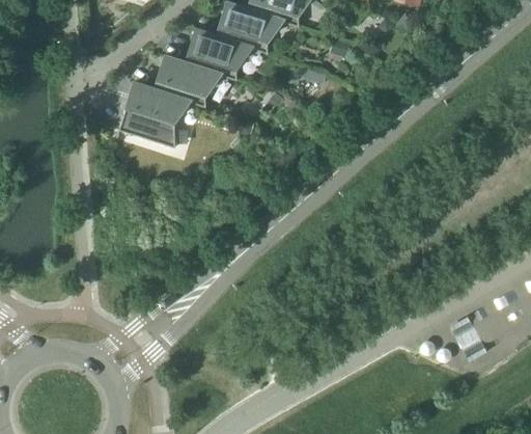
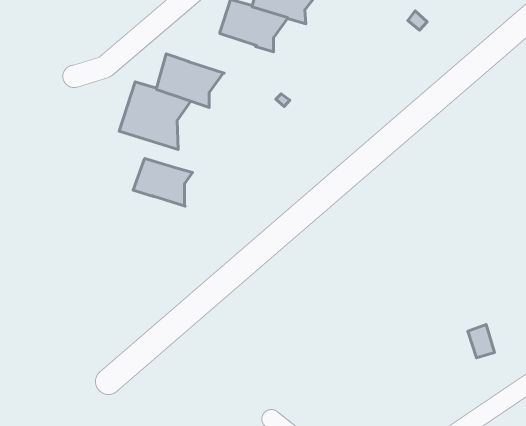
building: [186,29,252,80] -> none
building: none -> [133,159,192,206]

